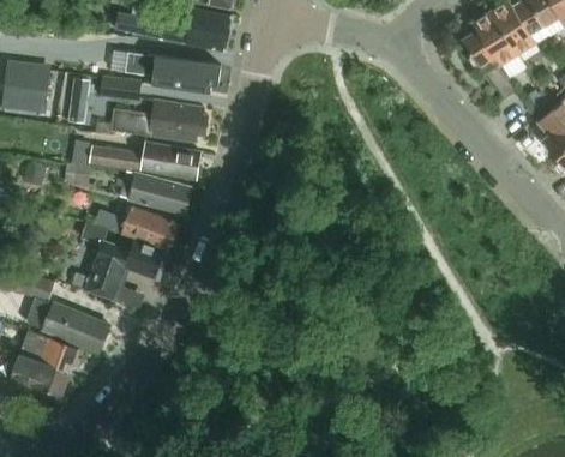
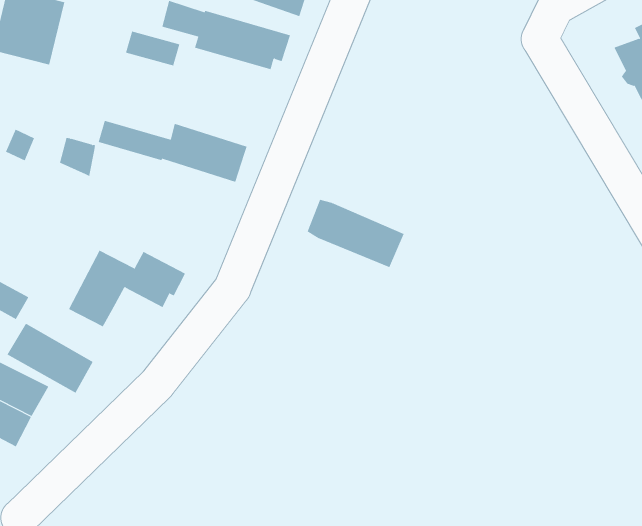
building: [65,72,96,119] -> none
building: [112,101,205,142] -> none
building: [120,170,192,214] -> [307,199,404,268]
building: [95,206,179,249] -> none

